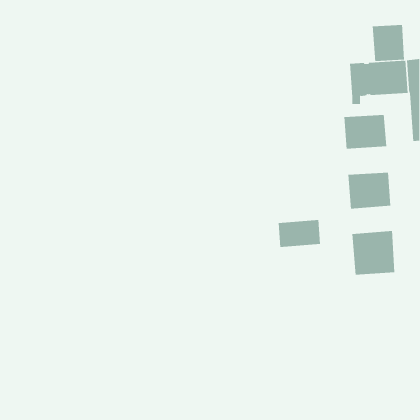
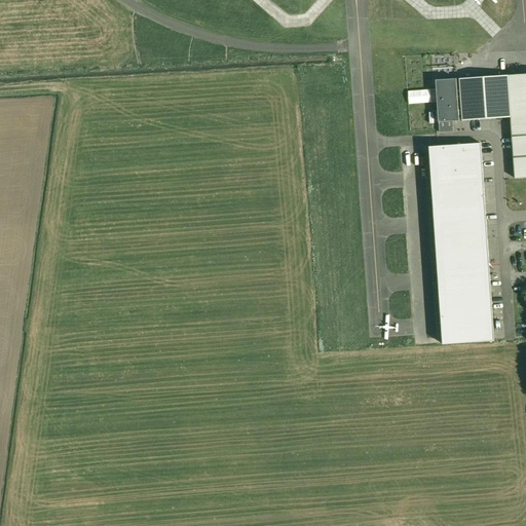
building: [372,24,404,62] -> none
building: none -> [431,183,485,218]
building: [278,219,321,247] -> [437,257,490,292]

